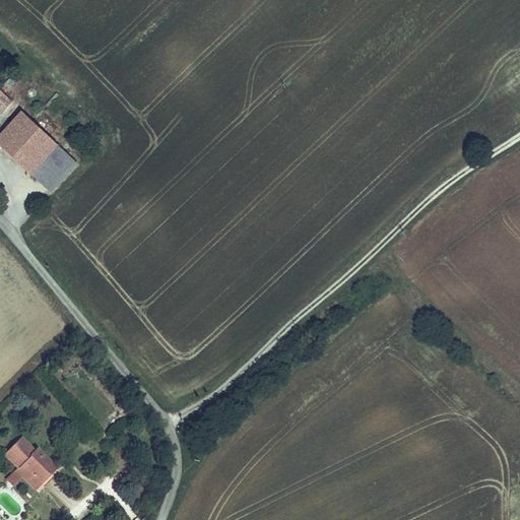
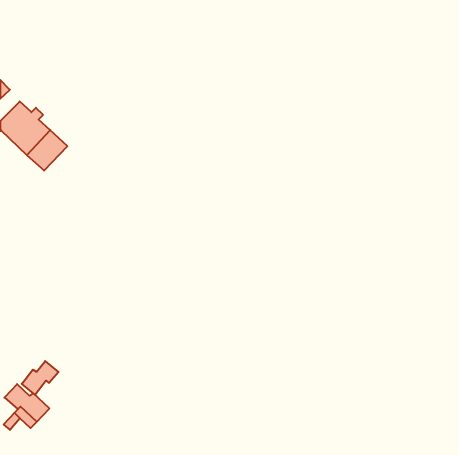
building: none -> [22,361,59,395]

